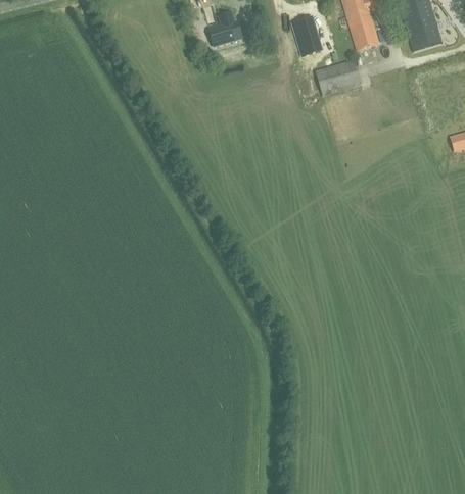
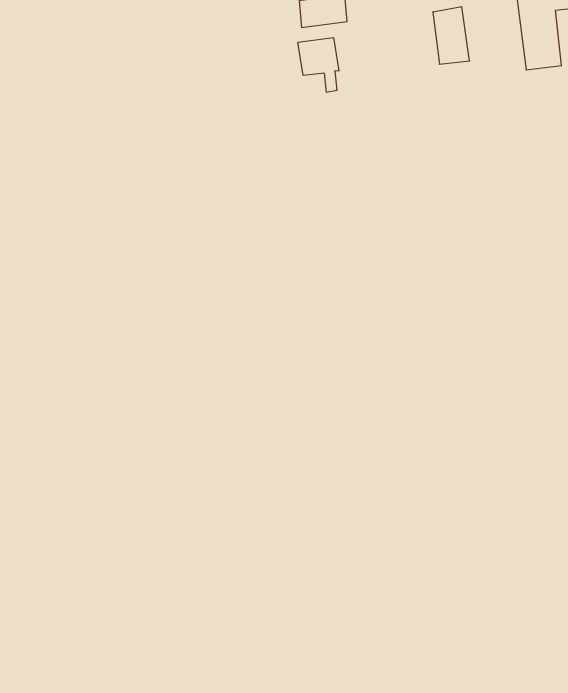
building: none -> [298,38,339,92]
building: [314,58,363,96] -> none

